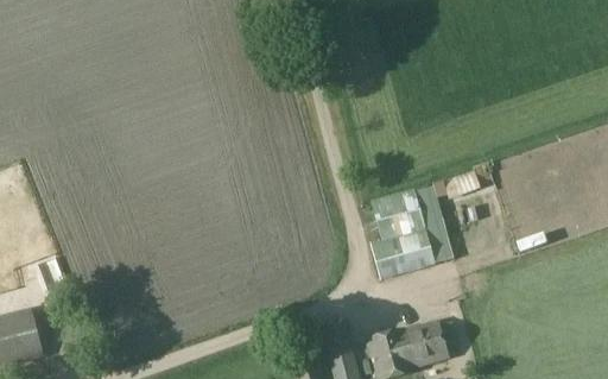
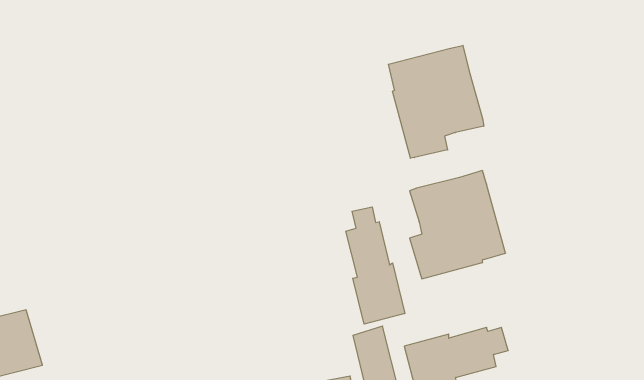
building: none -> [388,45,484,158]
building: none -> [346,207,405,324]

